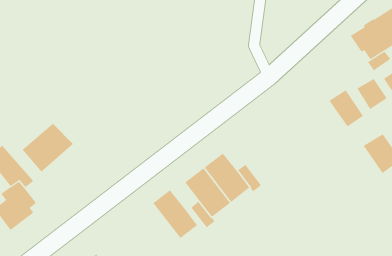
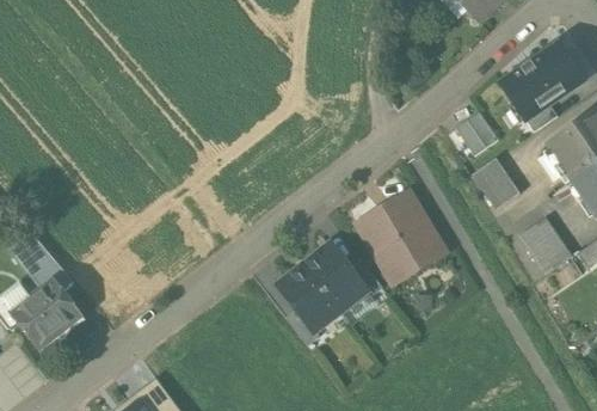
building: [357,78,387,110] -> [456,112,498,155]
building: none -> [364,201,439,276]
building: [22,123,74,173] -> none
building: [153,189,198,239] -> none

